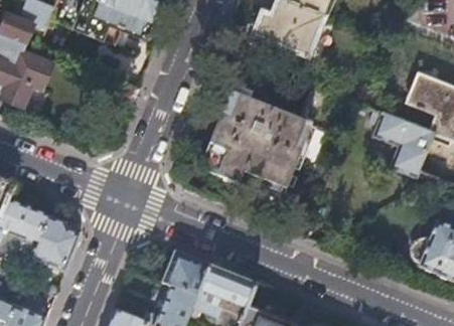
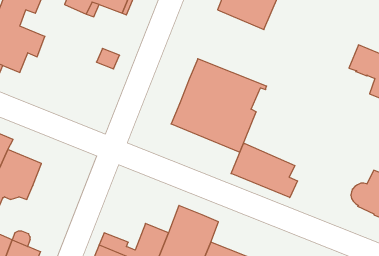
building: [370,109,434,179] -> none
building: none -> [231,143,298,198]
building: [32,213,83,271] -> none
building: [163,249,210,295] -> none

